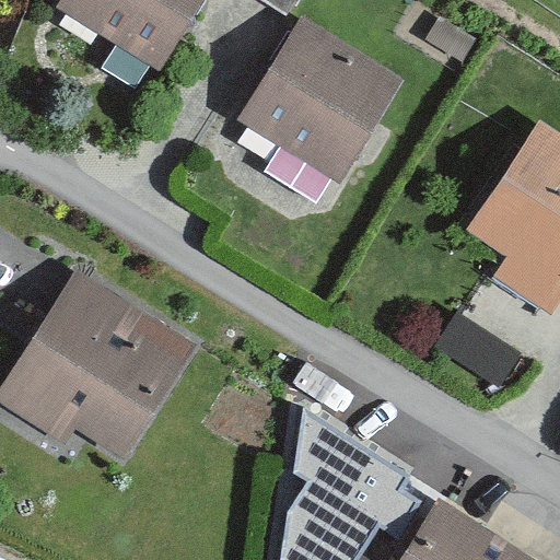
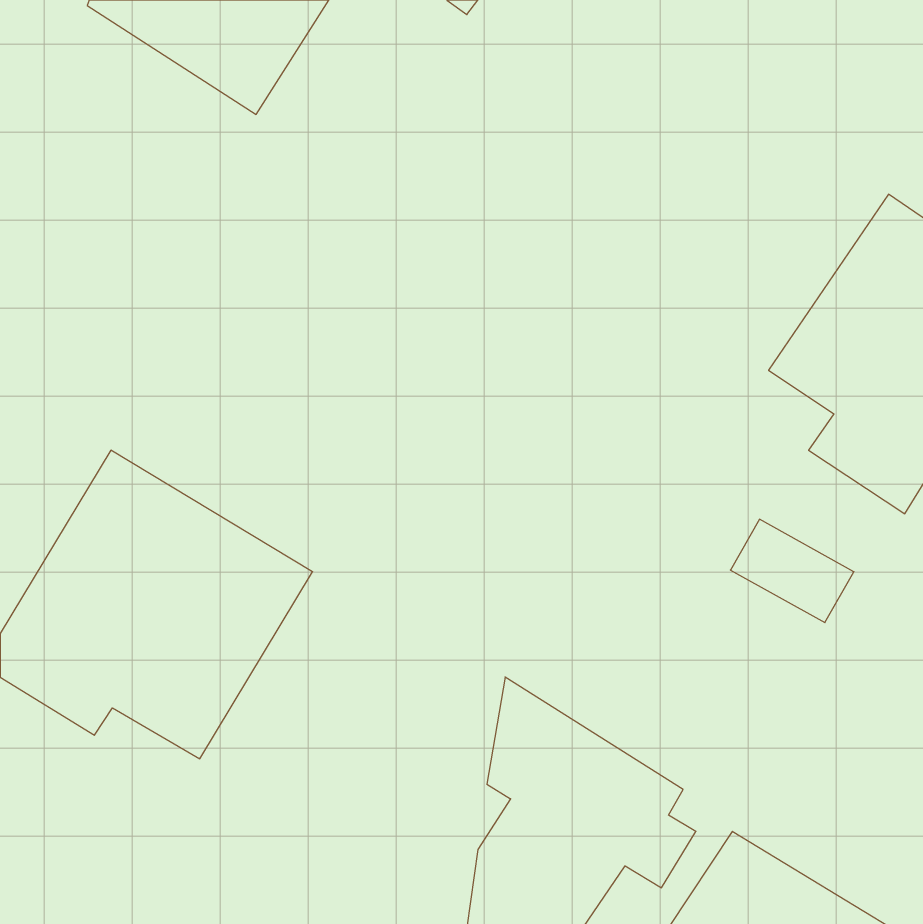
building: [237,18,398,178] -> none

